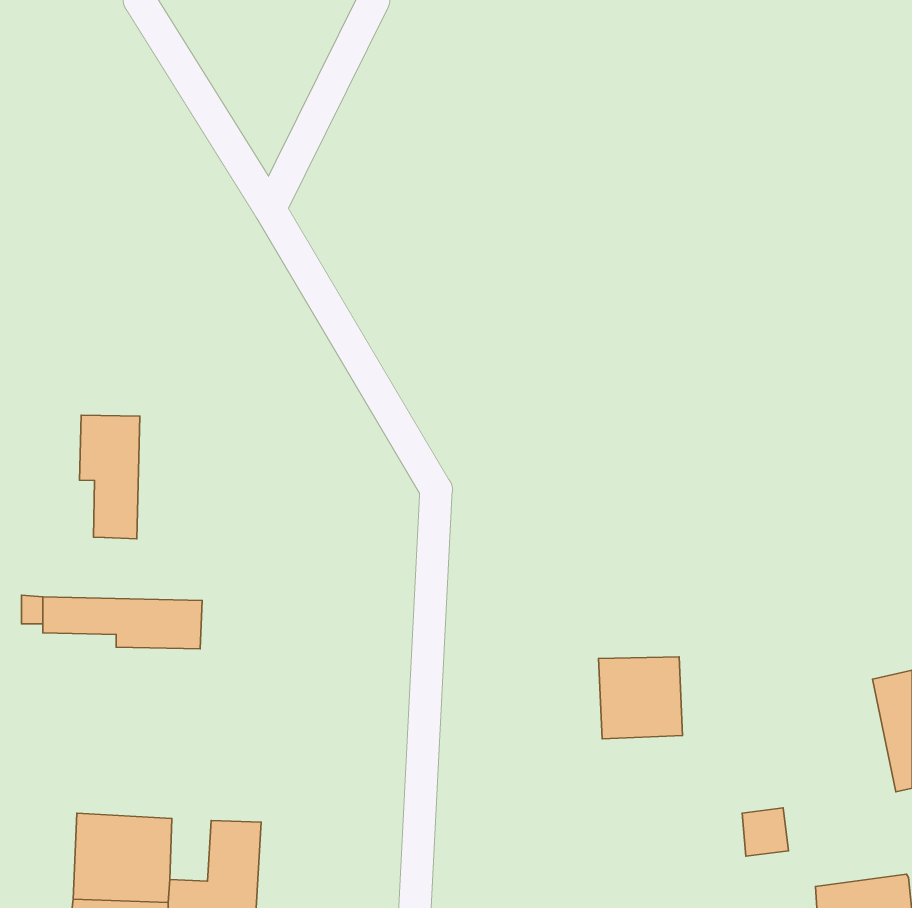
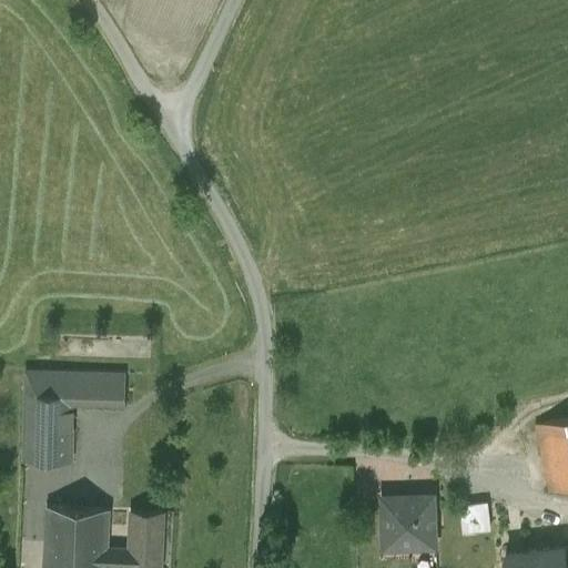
building: [79,415,140,539] -> none
building: none -> [24,396,72,465]
building: [599,657,683,739] -> [382,498,434,549]

